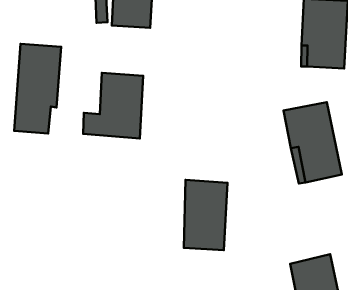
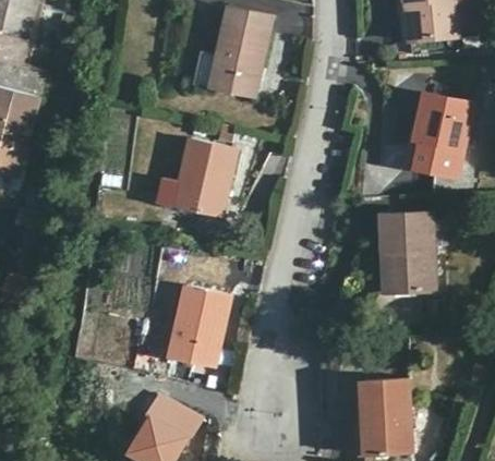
building: [14,44,61,134] -> none
building: [184,180,228,250] -> [168,283,228,367]

